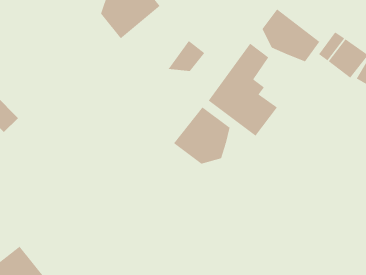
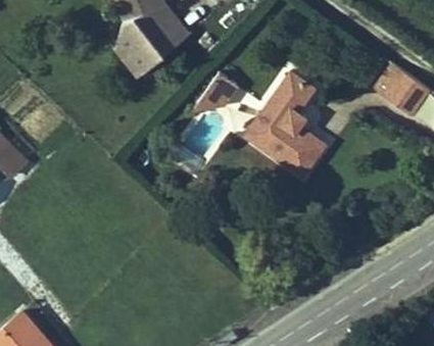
building: [262,8,320,62] -> none
building: [173,106,230,164] -> none

